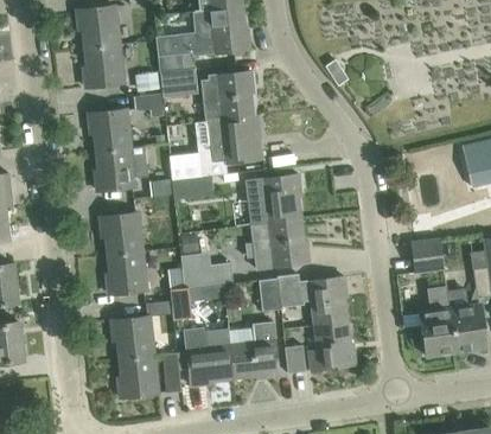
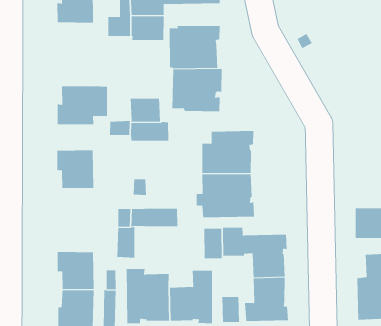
building: [89,109,130,151] -> none
building: [107,251,147,294] -> none

